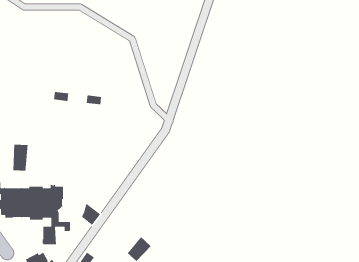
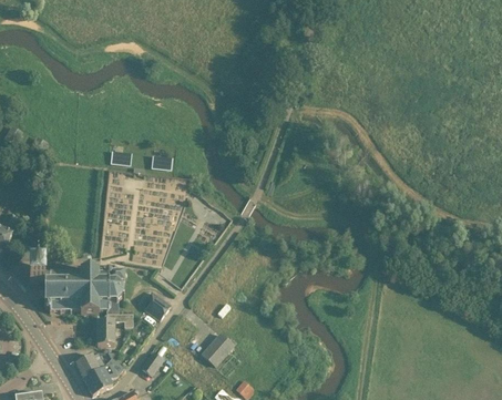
building: [12,144,28,172] -> none

